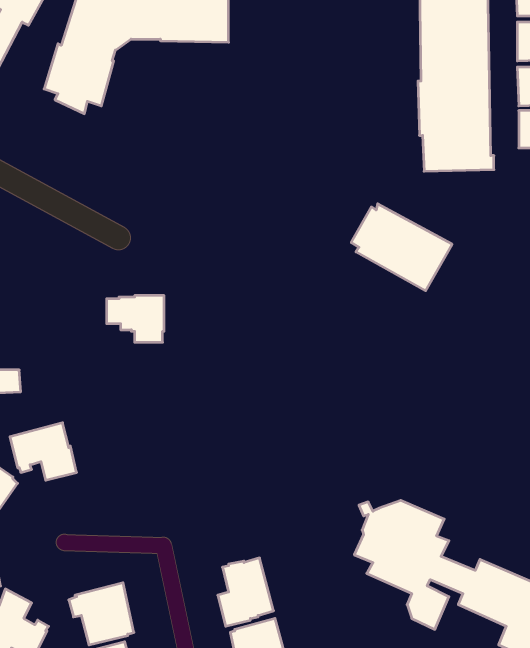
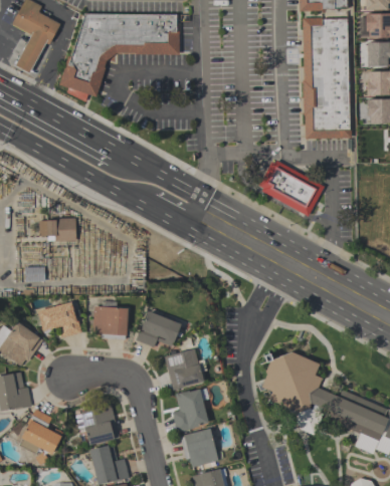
building: [107,296,164,342] -> [39,218,76,248]
building: none -> [92,306,129,339]
building: none -> [136,311,182,347]
building: none -> [165,348,207,391]

